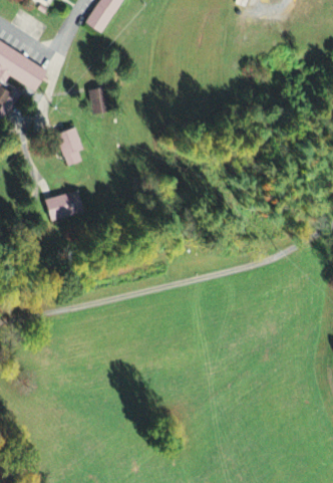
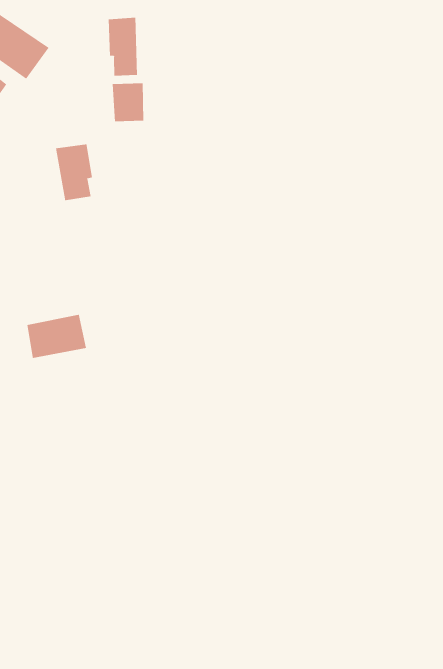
building: none -> [108,17,138,76]
building: [43,190,82,220] -> [26,314,87,359]

